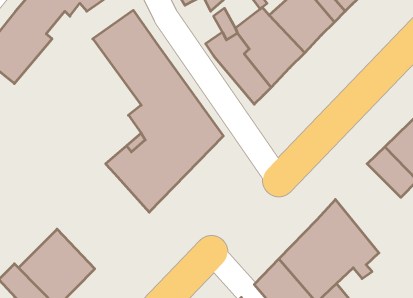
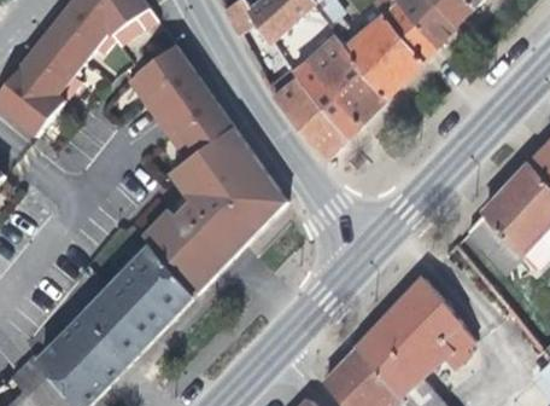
building: none -> [83,245,195,361]

